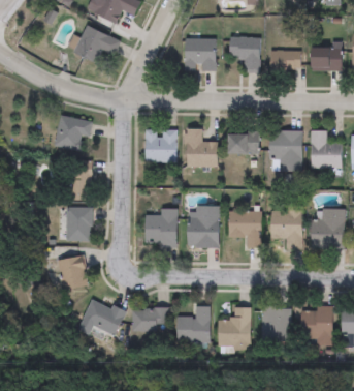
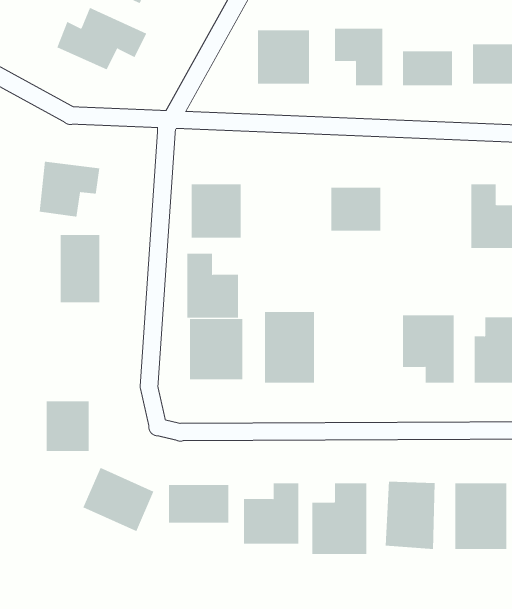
building: [186,128,217,167] -> [187,253,239,318]
building: [270,129,301,171] -> none
building: [66,207,92,240] -> none
building: [228,210,261,246] -> none

